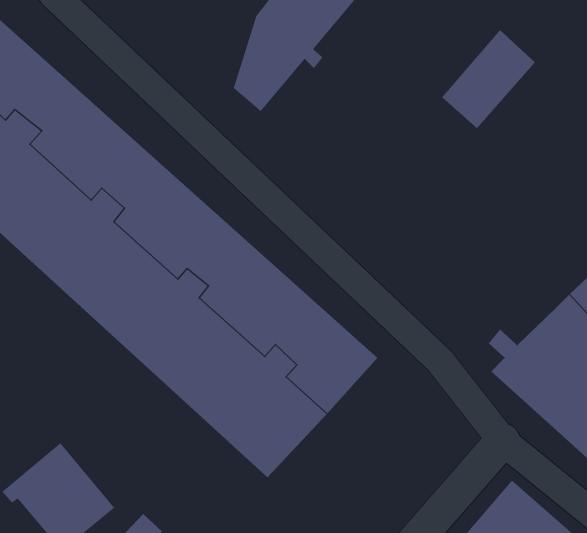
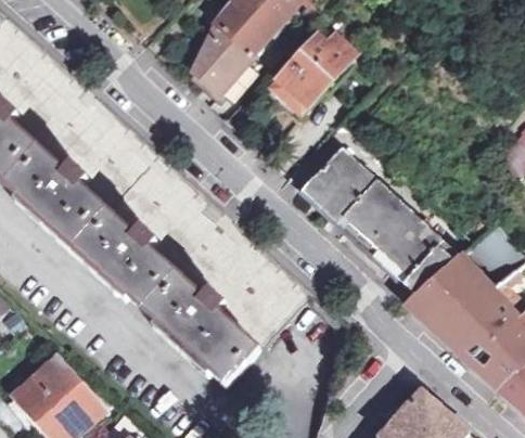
building: [441,29,536,129] -> [271,37,348,118]
building: none -> [300,147,458,284]

